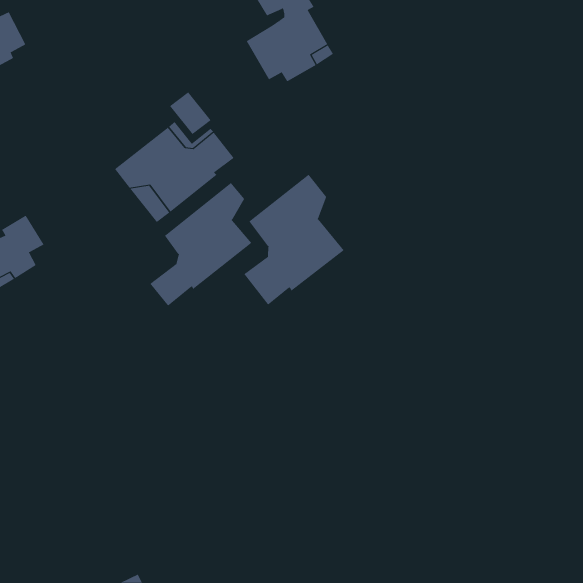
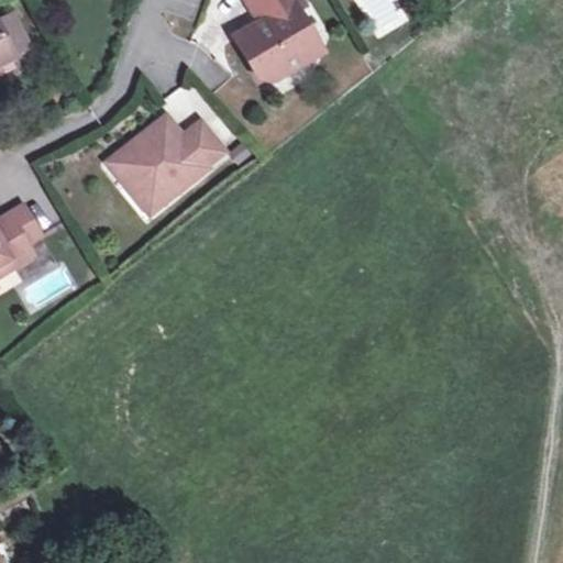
building: [243,174,345,305] -> none
building: [149,182,252,307] -> none

